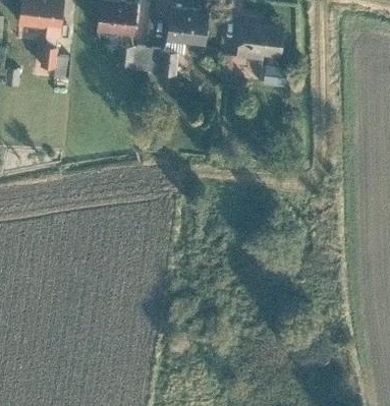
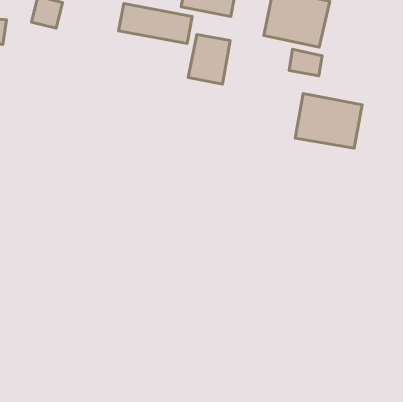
building: none -> [188,34,230,84]
building: none -> [295,94,362,148]

